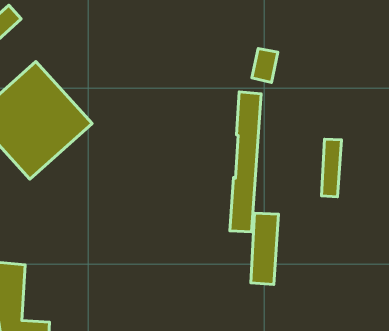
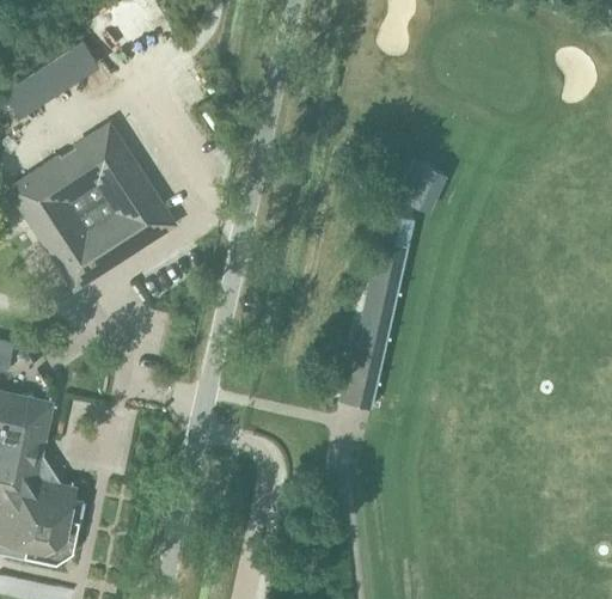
building: [321,139,341,197] -> none
building: [251,213,279,284] -> none

